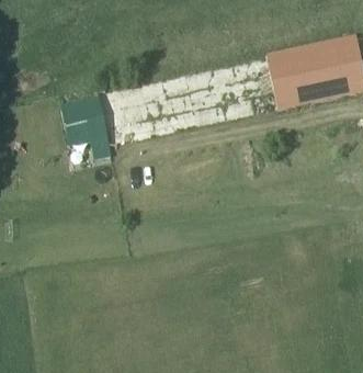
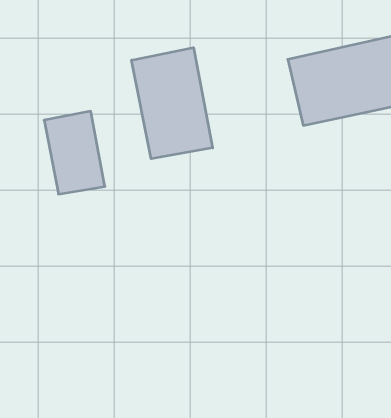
building: none -> [132,48,213,159]

